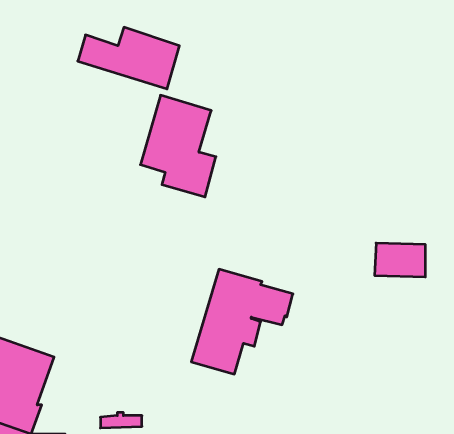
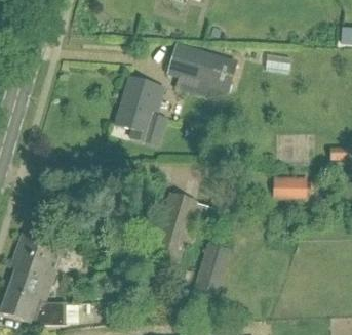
building: [78,27,179,89] -> [167,49,235,90]
building: none -> [193,243,230,293]

